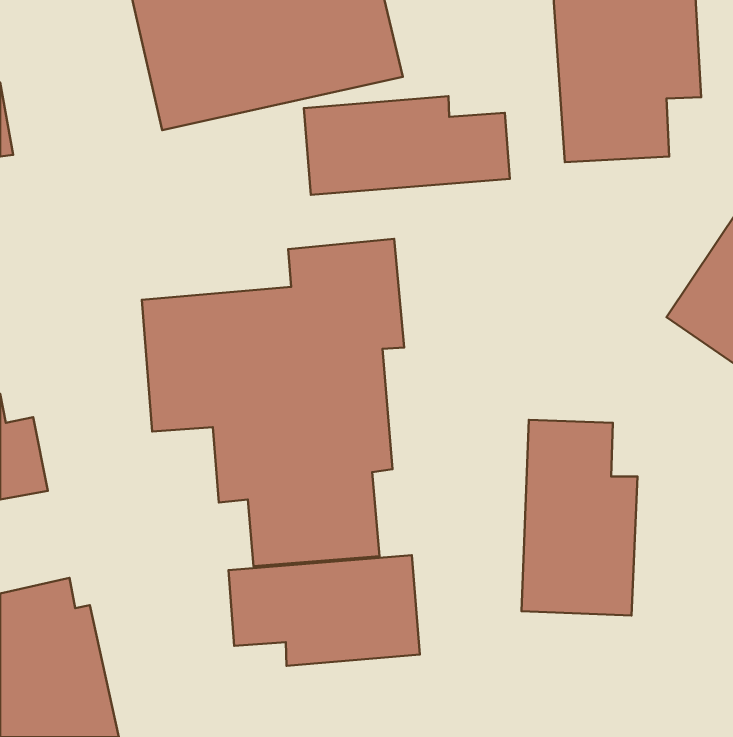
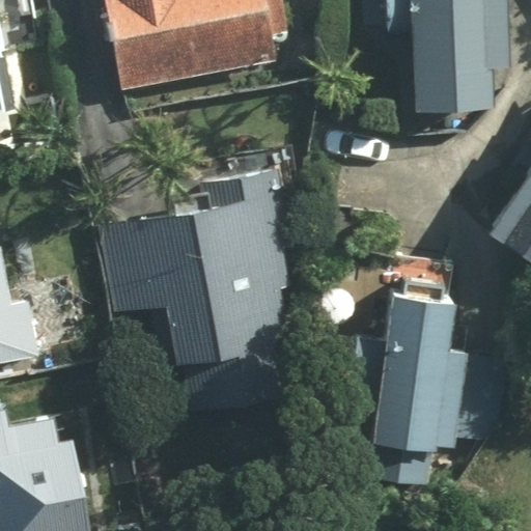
building: [304,96,510,195] -> none
building: [228,555,420,666] -> none

